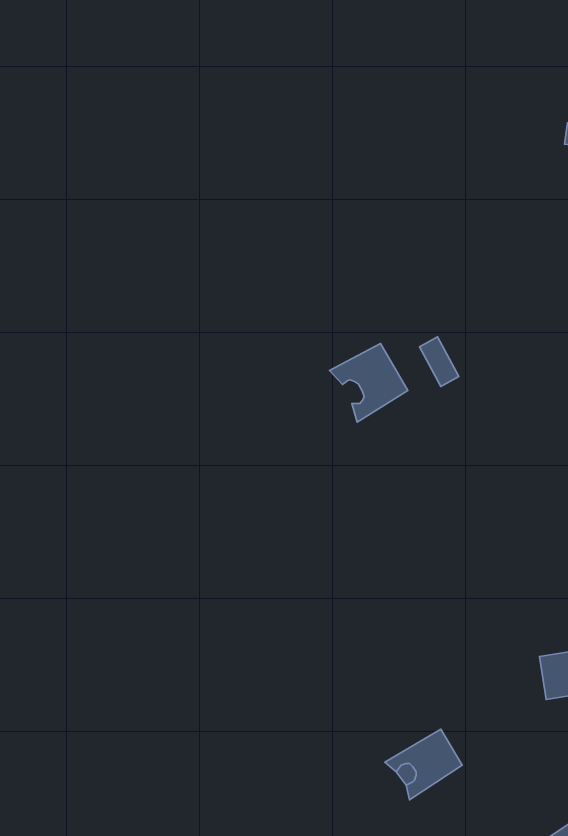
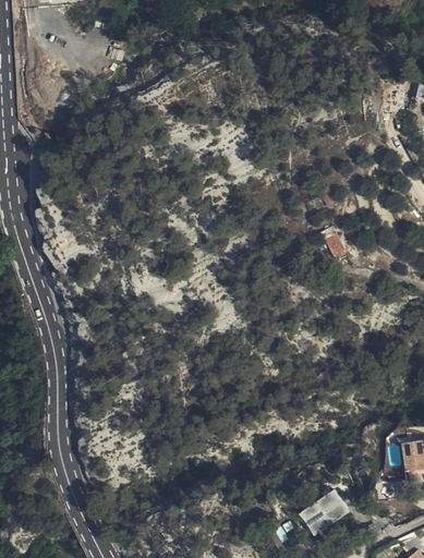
building: [329,343,408,422] -> none

